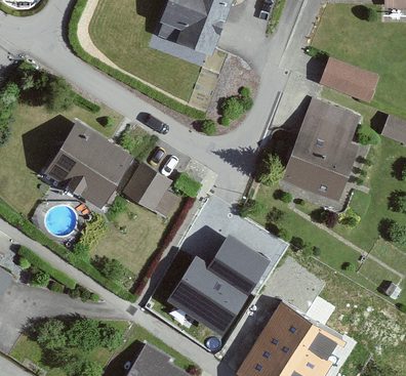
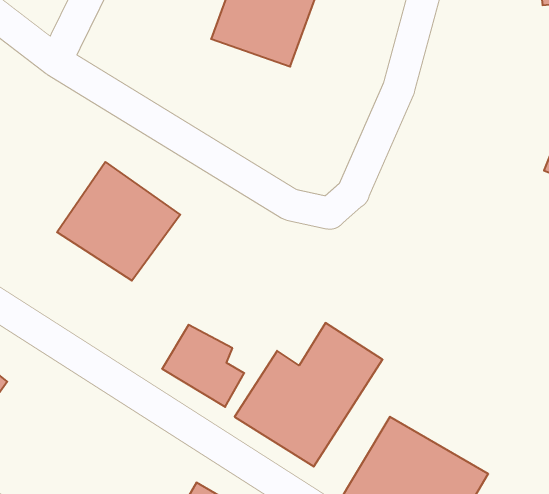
building: [319,56,379,105] -> none
building: [283,98,362,200] -> none
building: [122,162,179,219] -> [162,325,244,407]

